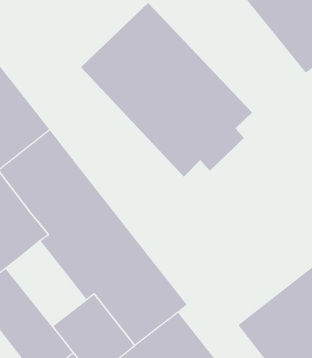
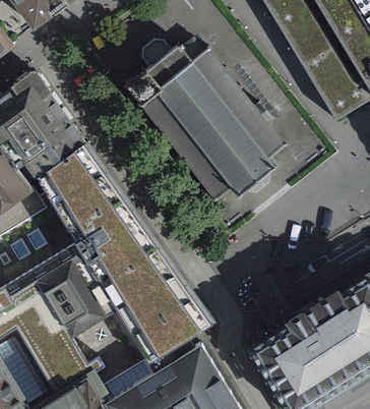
building: none -> [34,247,107,330]

